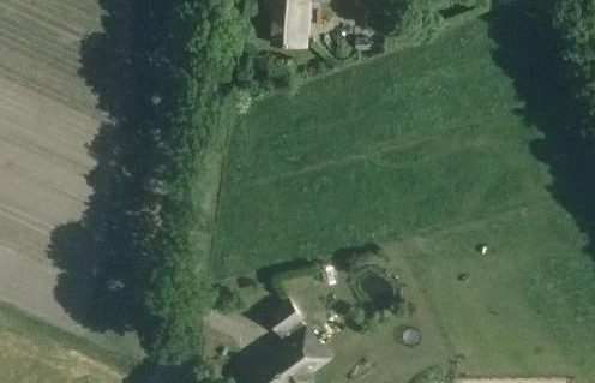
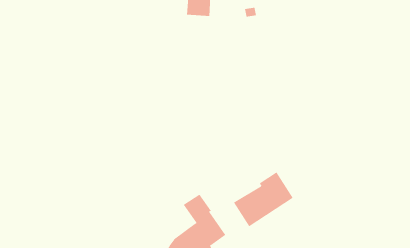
building: none -> [233,172,294,227]

